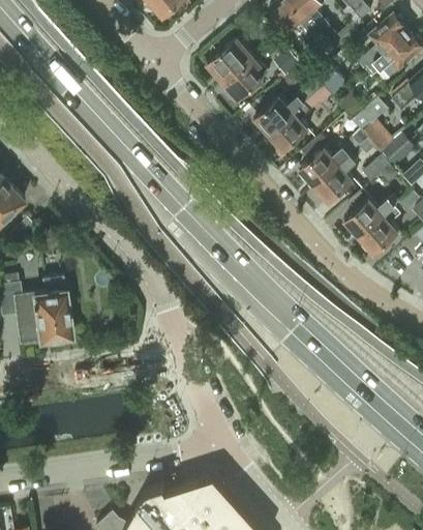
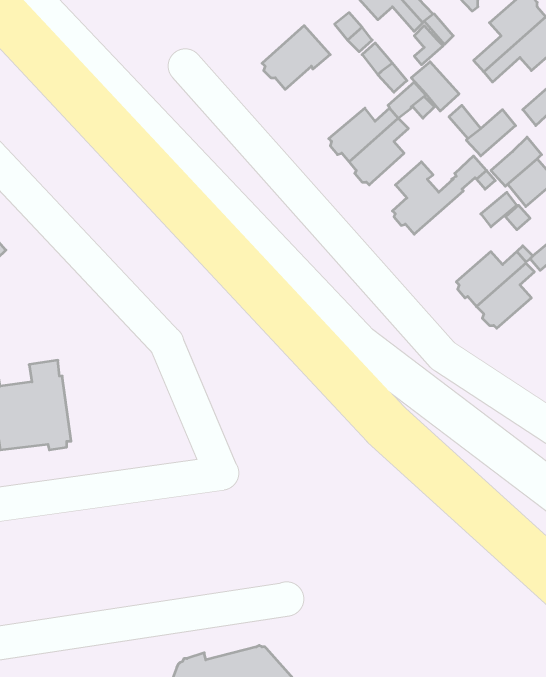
building: [223,58,269,99] -> none
building: [315,155,356,202] -> none

